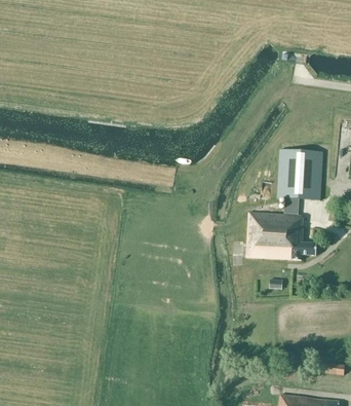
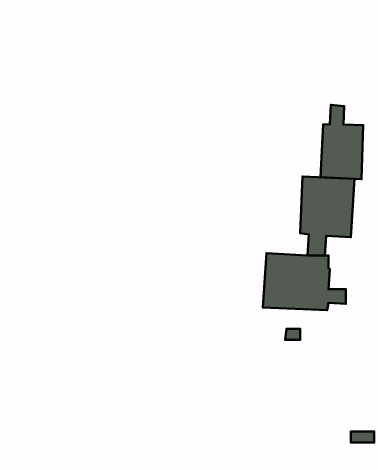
building: none -> [320,105,363,179]

